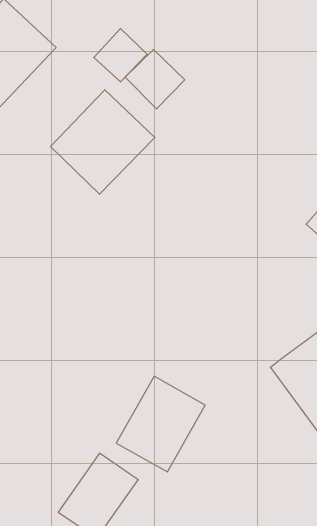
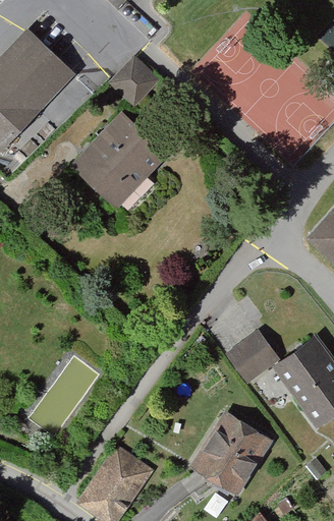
building: [125,49,185,109] -> none
building: none -> [226,331,283,386]
building: [116,376,205,472] -> [192,407,274,495]

